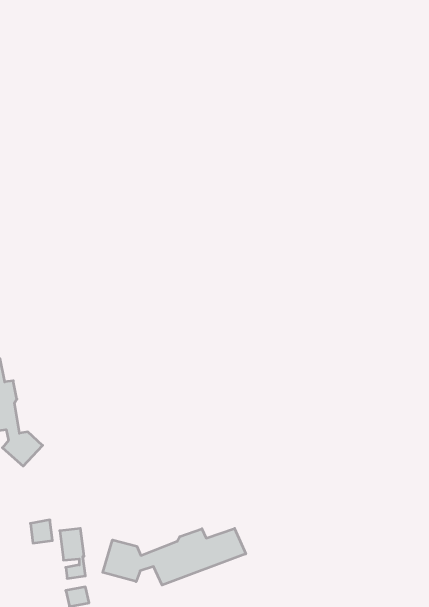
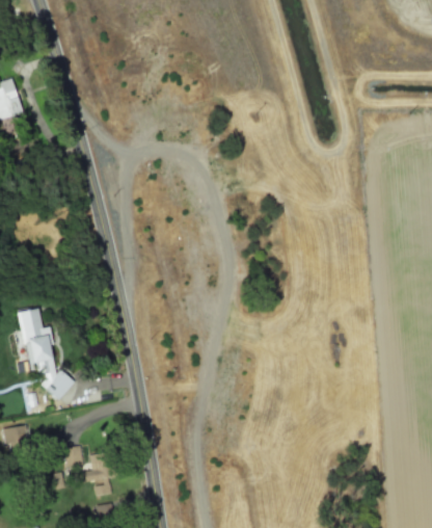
building: [103,528,246,585] -> none

